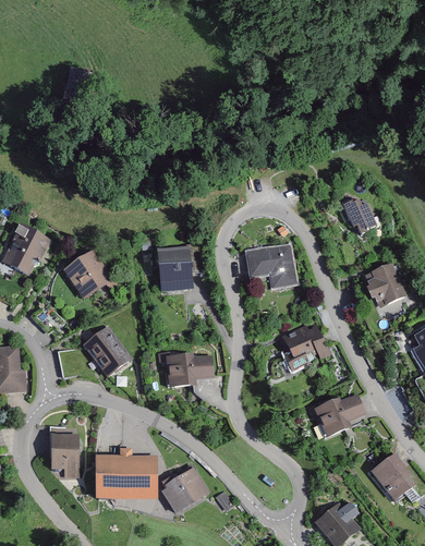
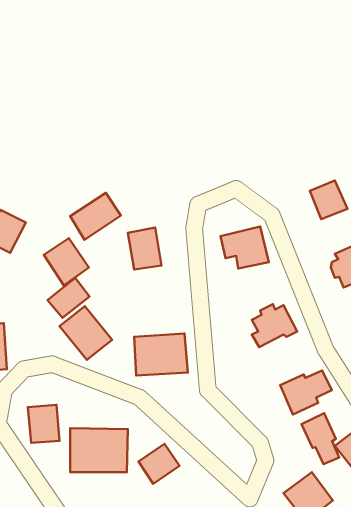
building: none -> [70,193,121,240]
building: none -> [48,278,89,318]
building: none -> [302,413,339,464]

